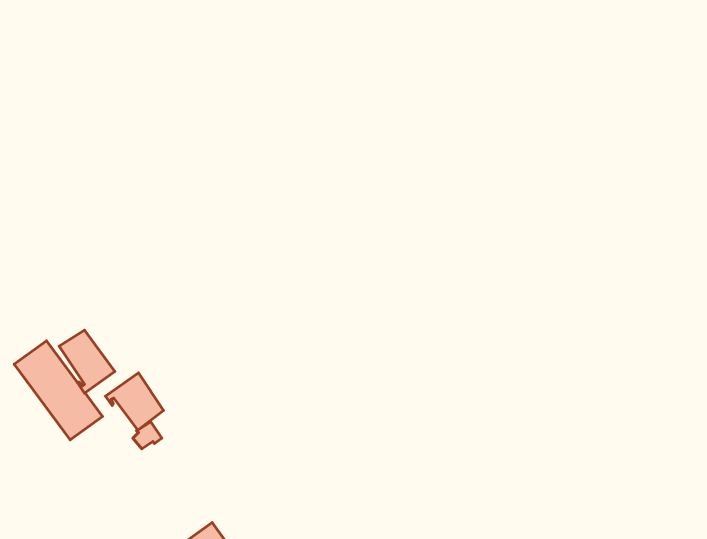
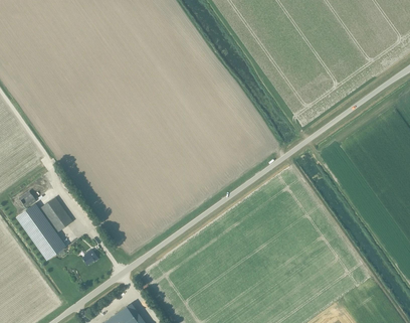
building: [105,373,163,430] -> none

